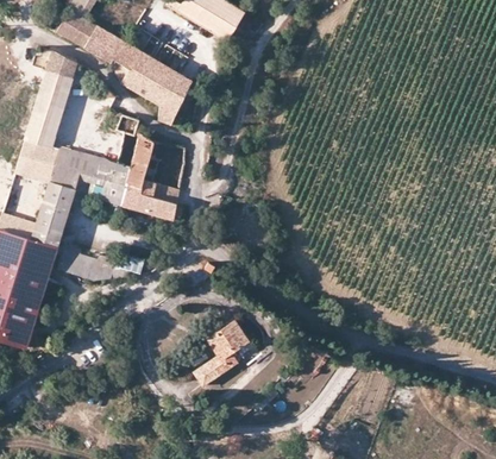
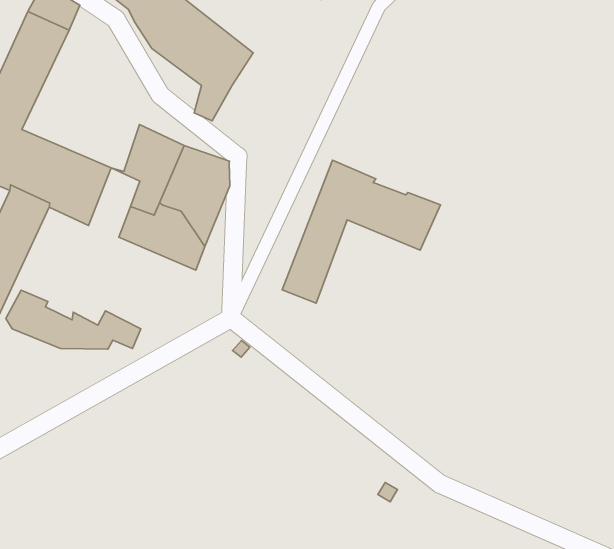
building: none -> [282,160,441,303]
building: [101,163,130,207] -> none
building: [193,322,252,386] -> none

